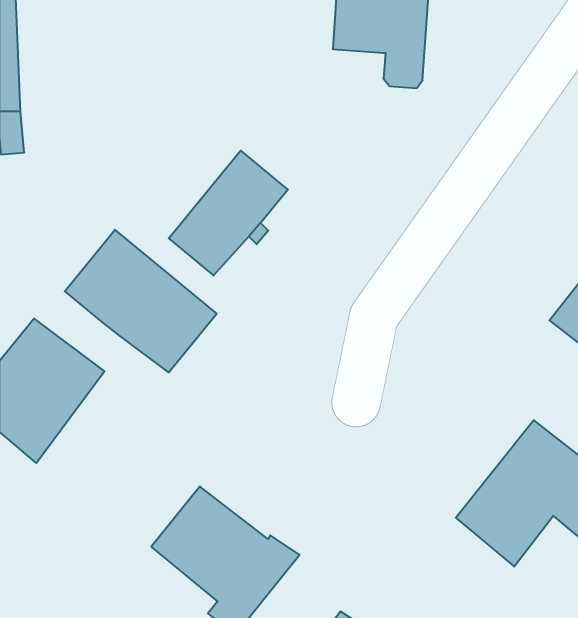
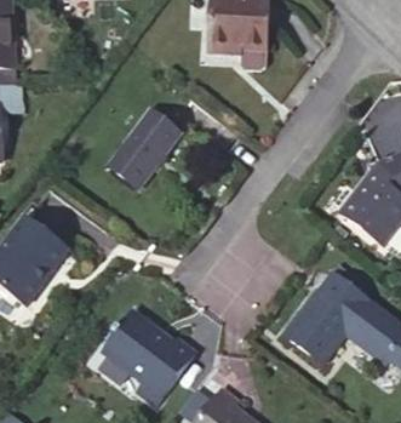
building: [65,230,217,372] -> none

